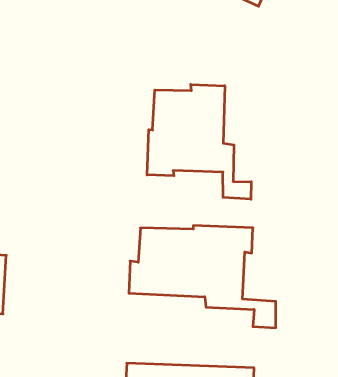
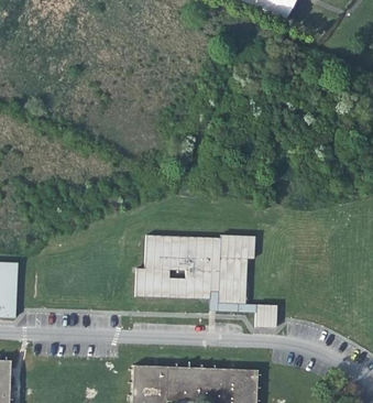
building: [147,84,251,199] -> none

